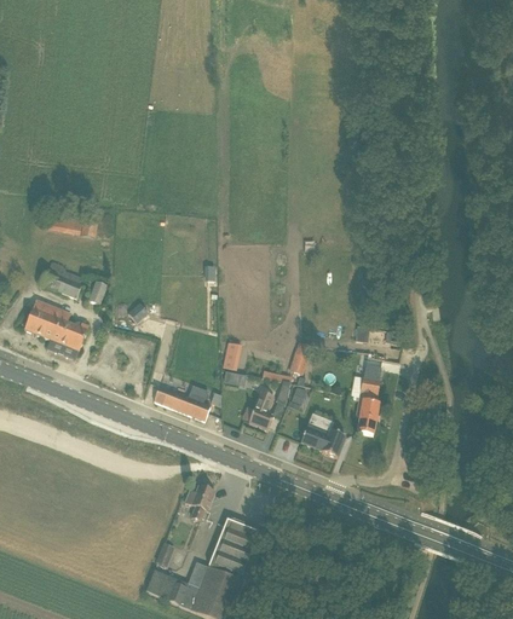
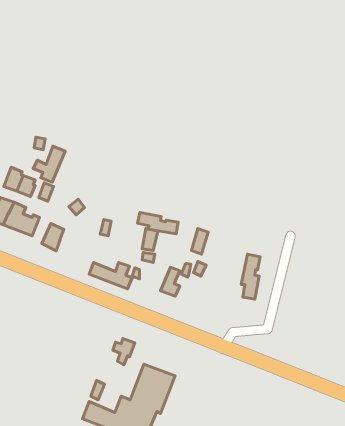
building: none -> [33,146,65,182]
building: none -> [137,213,178,234]
building: none -> [42,224,64,251]
building: [300,423,345,457] -> none

